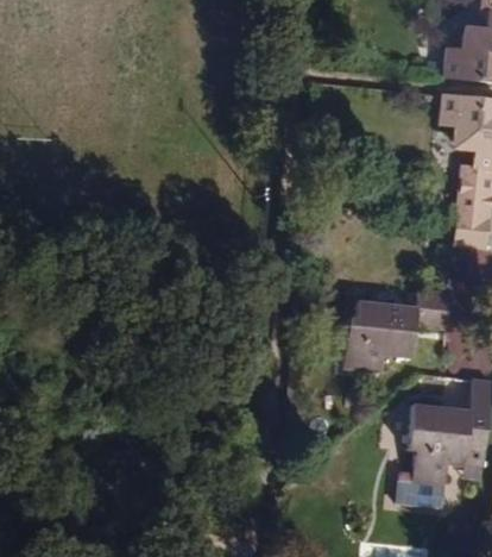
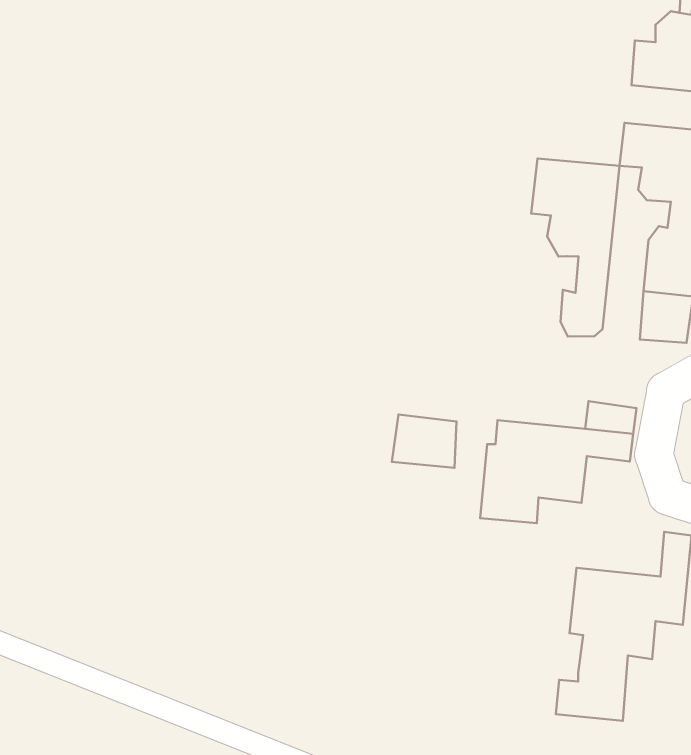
building: none -> [531,158,619,337]
building: none -> [392,415,456,468]

